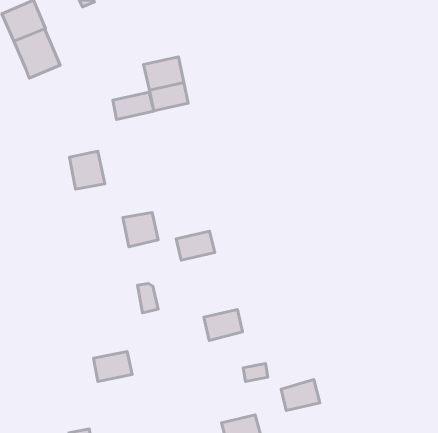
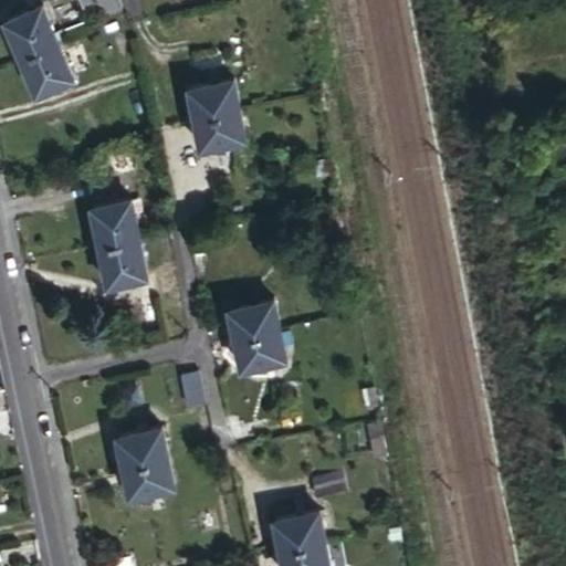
building: [113,92,154,119] -> none
building: [123,212,158,247] -> [97,244,143,289]
building: [204,310,243,340] -> [233,333,283,373]
building: none -> [114,430,164,469]
building: [281,380,320,411] -> [279,512,328,552]

